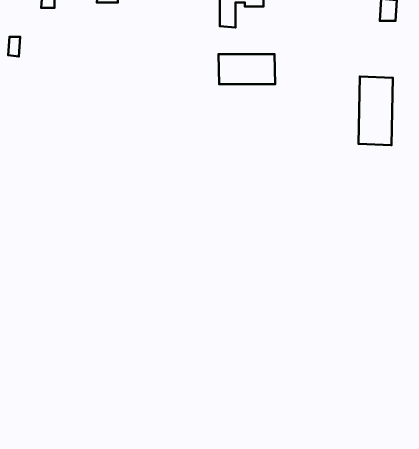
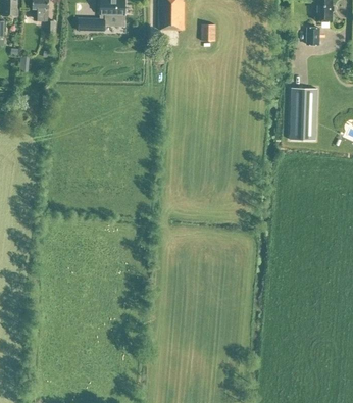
building: [219,54,275,84] -> none

